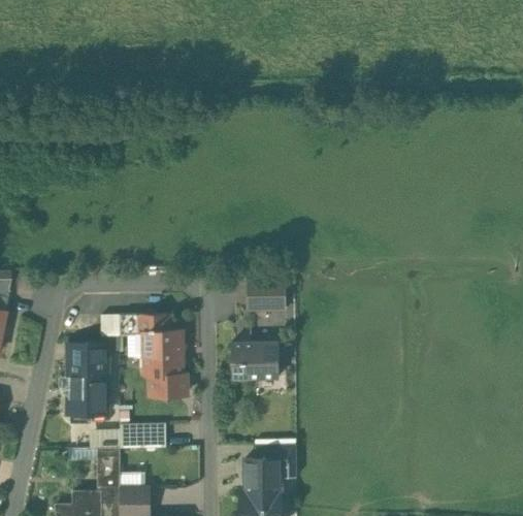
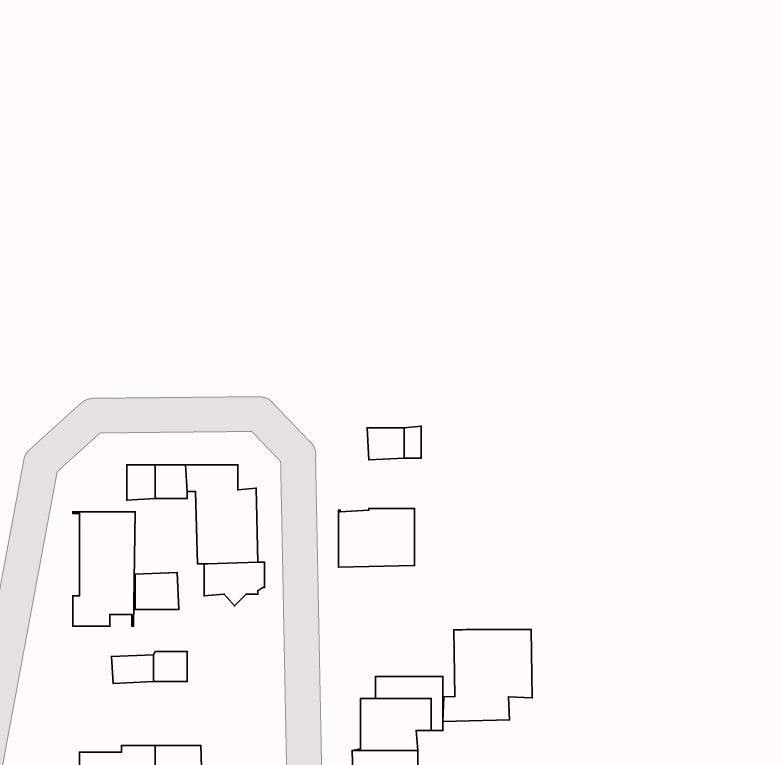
building: none -> [443,630,532,722]
building: [138,425,165,448] -> [135,573,179,610]
building: [96,453,119,487] -> none

